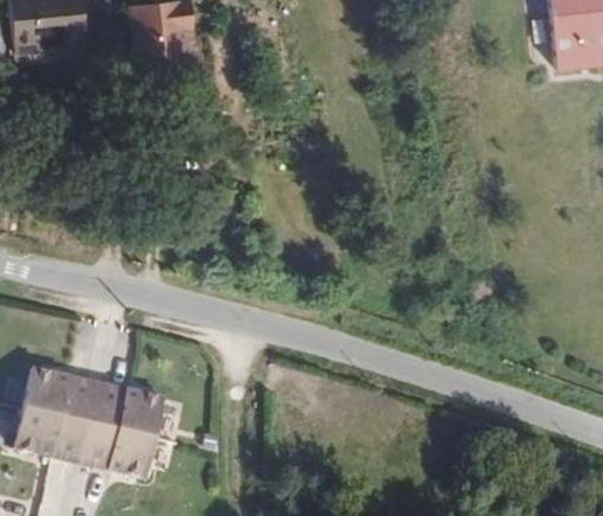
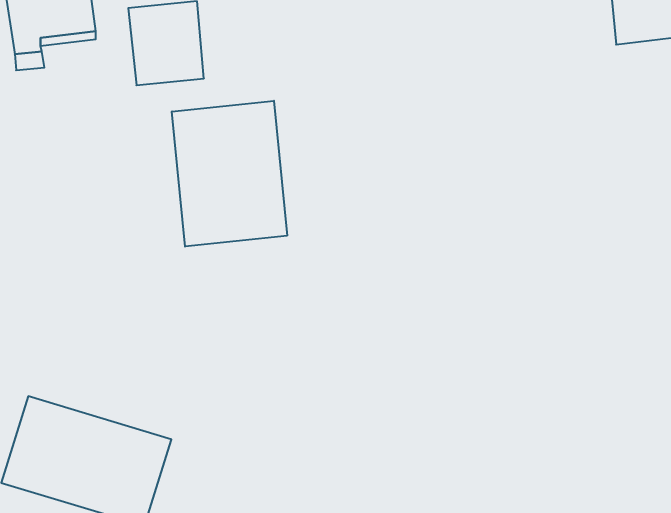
building: none -> [172,101,287,247]

